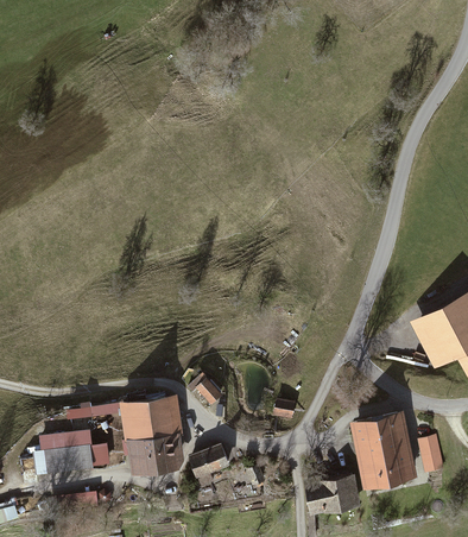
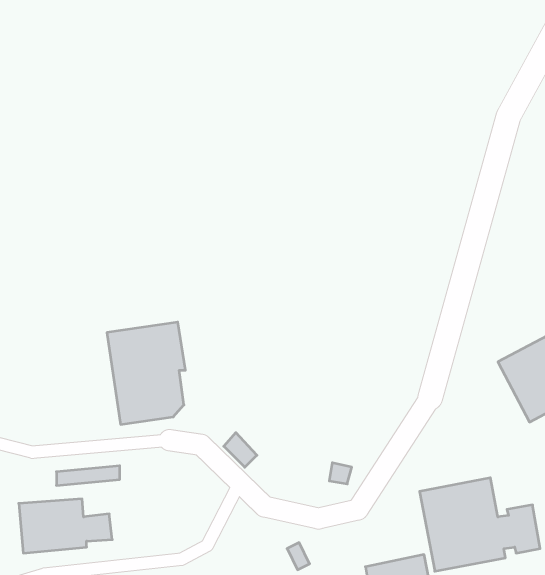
building: [120,393,182,474] -> [107,322,185,424]
building: [191,443,230,478] -> none

